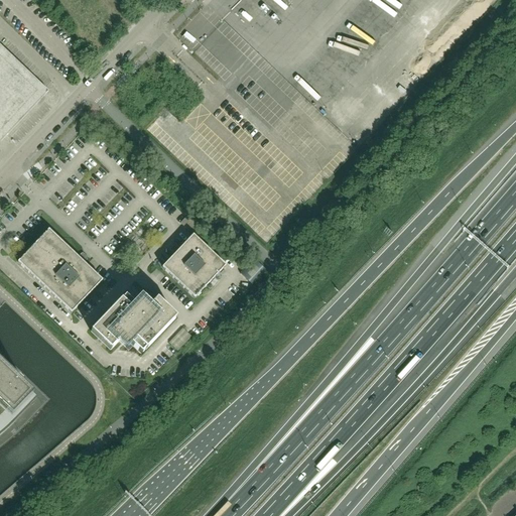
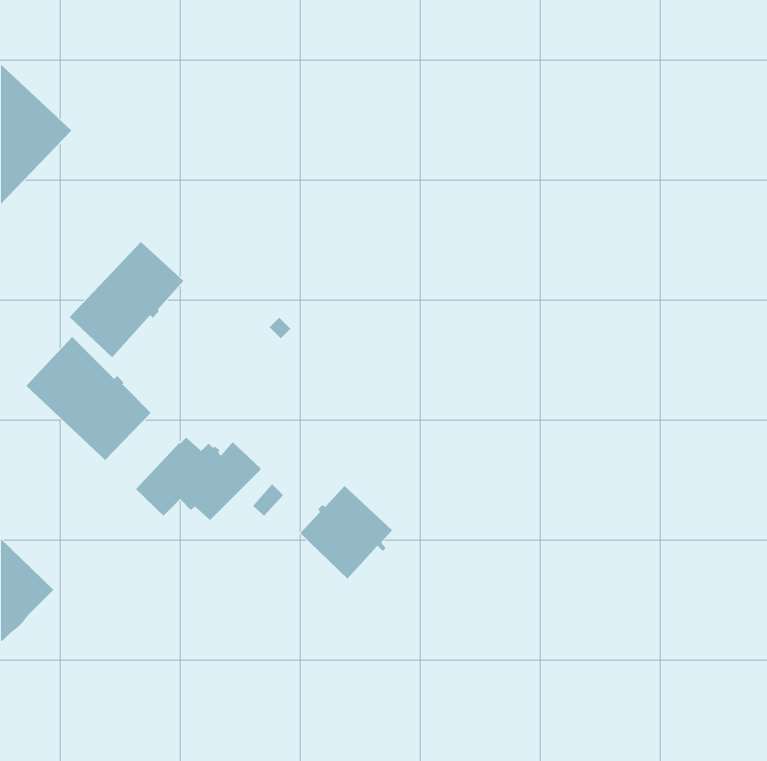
building: none -> [69,241,184,358]
building: [162,232,225,295] -> [300,485,393,580]

